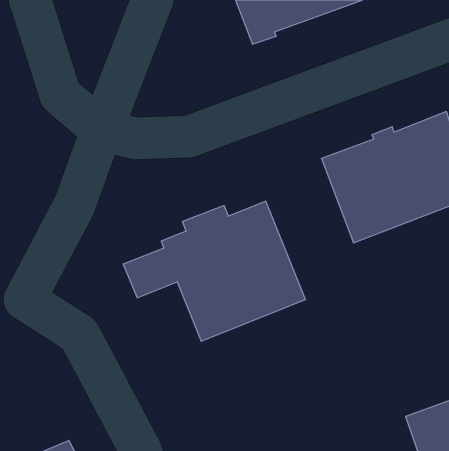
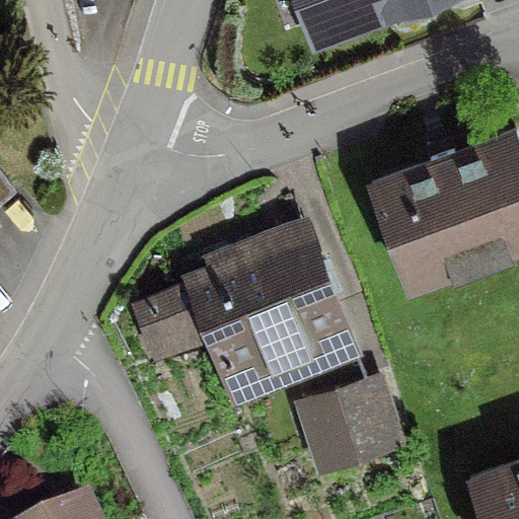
building: none -> [301,378,391,462]

